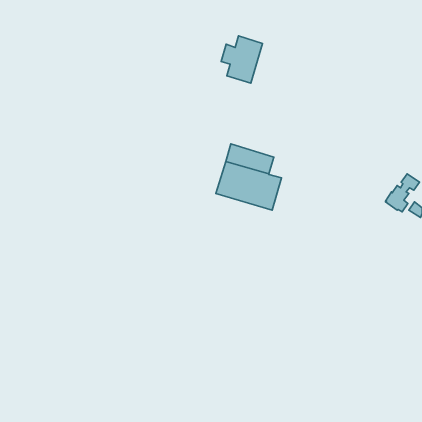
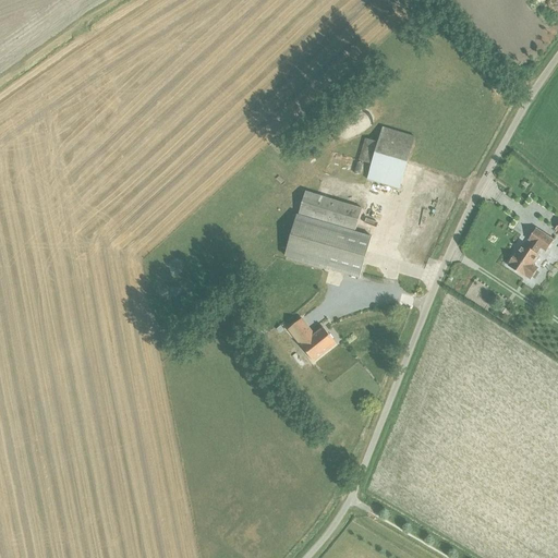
building: [221,36,263,83] -> [359,125,413,187]
building: none -> [287,318,335,361]

